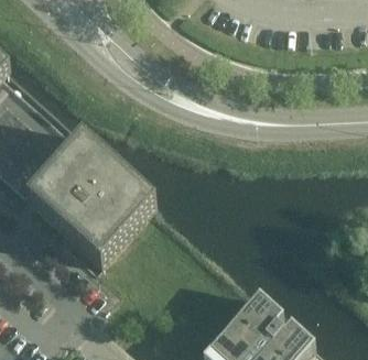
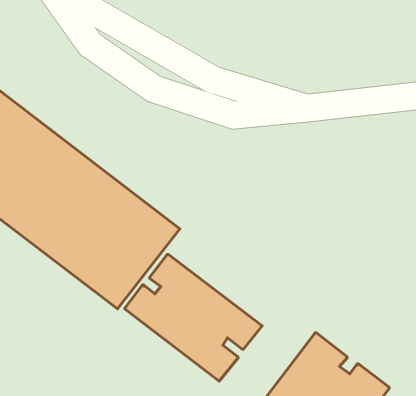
building: none -> [125,254,262,381]

